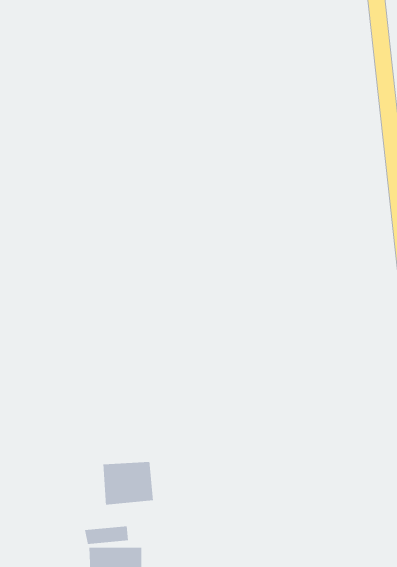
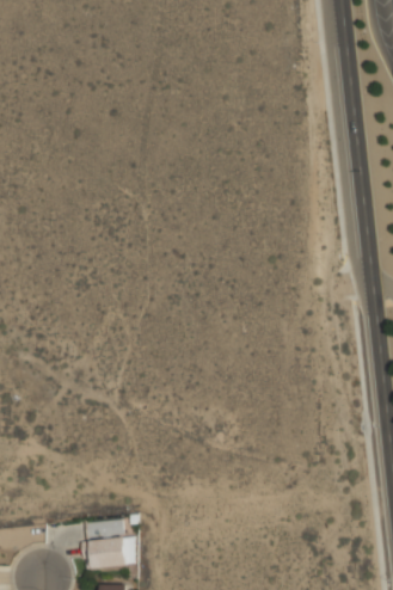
building: [103,461,153,505] -> none

